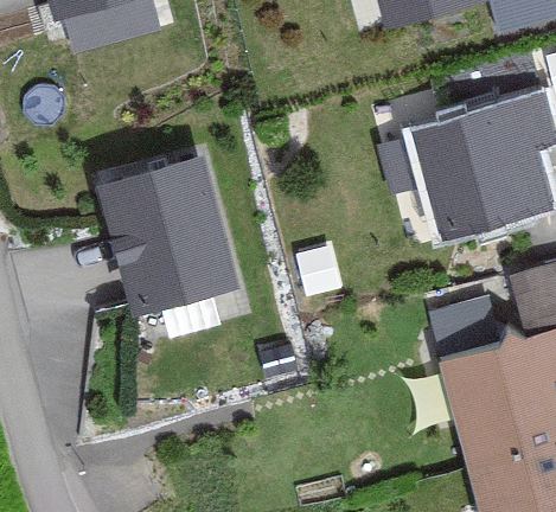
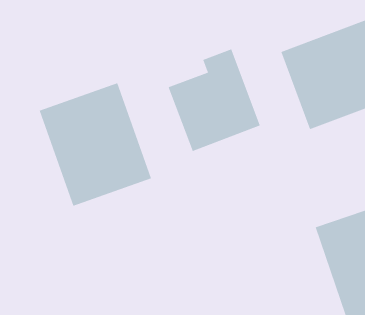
building: none -> [168,49,260,152]

